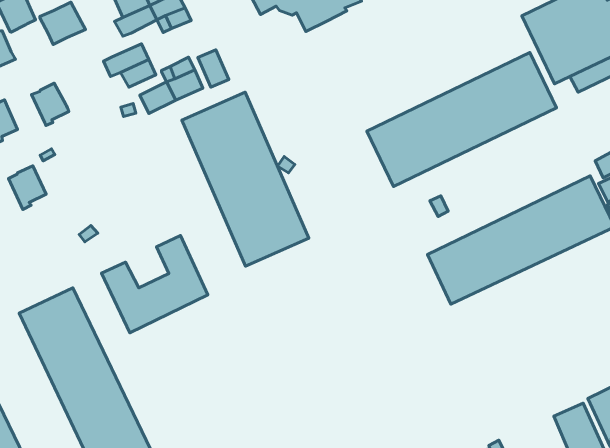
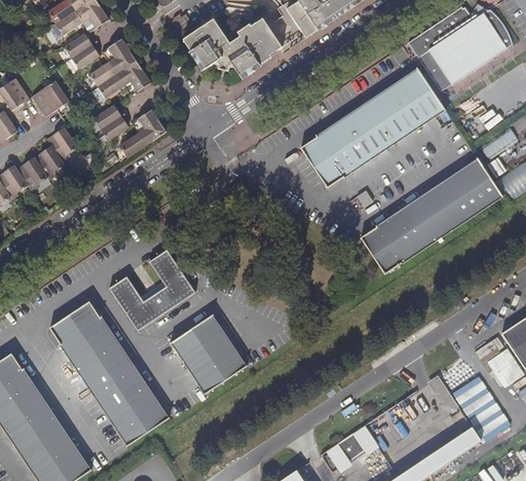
building: [198,50,229,87] -> none
building: none -> [48,125,78,159]
building: [182,92,309,266] -> none
building: [9,166,46,209] -> [17,155,48,190]
building: none -> [171,313,247,393]

